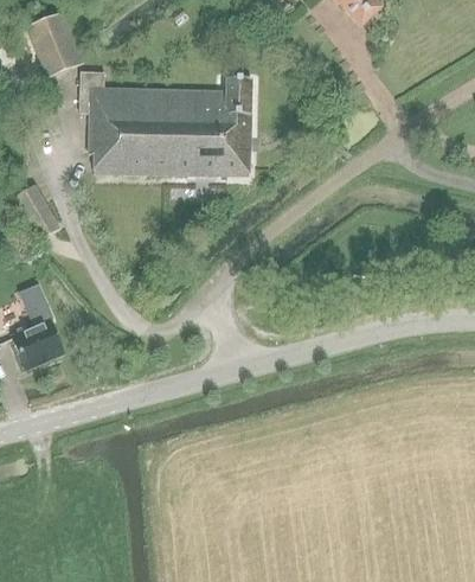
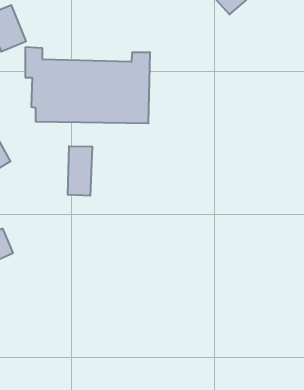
building: none -> [68,146,92,196]

